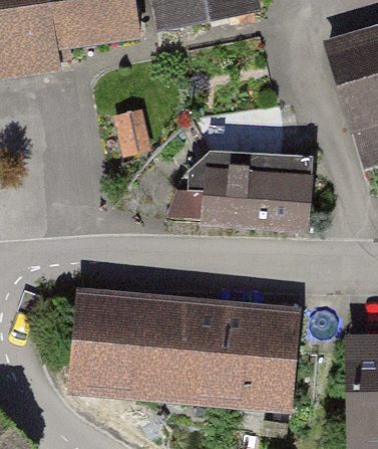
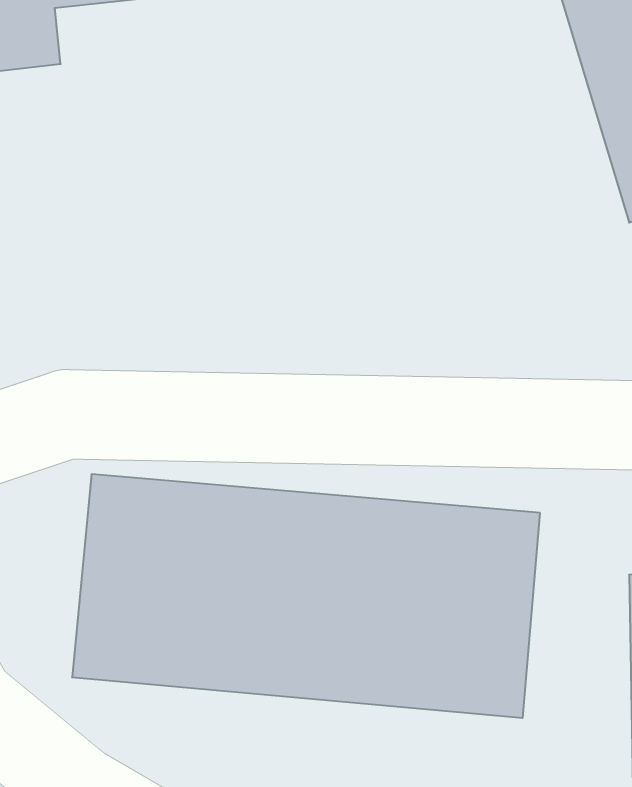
building: [200,163,320,238] -> none

